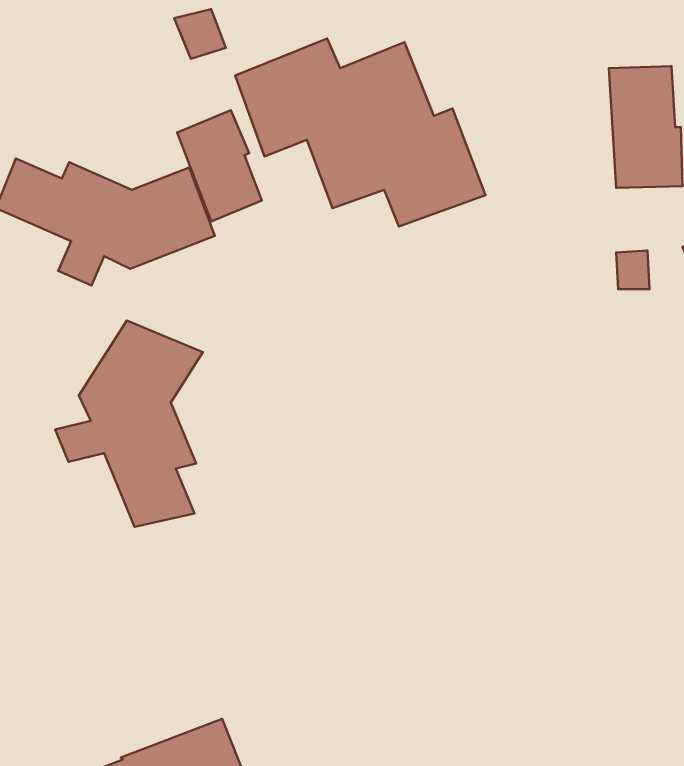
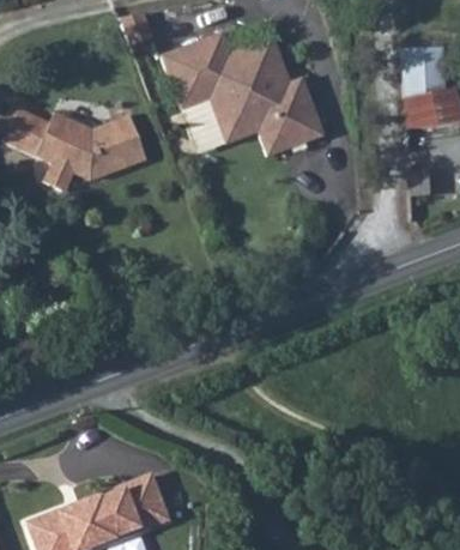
building: [177,110,262,222] -> none
building: [55,321,203,527] -> none

